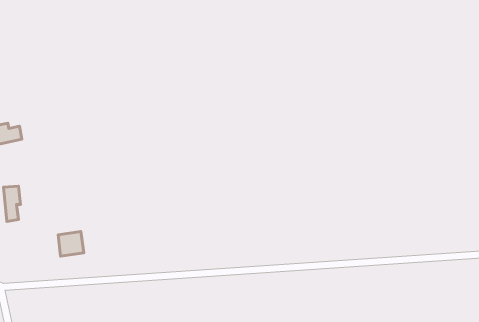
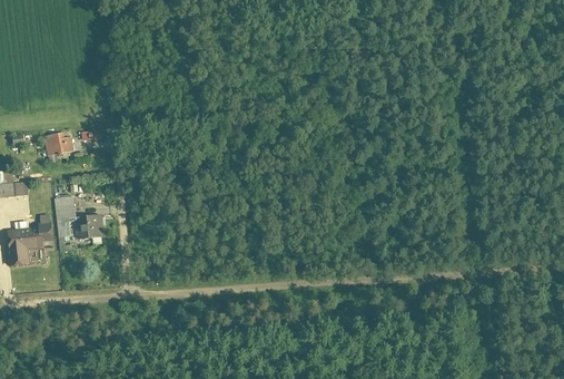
building: [58,232,84,256] -> [80,214,107,240]

